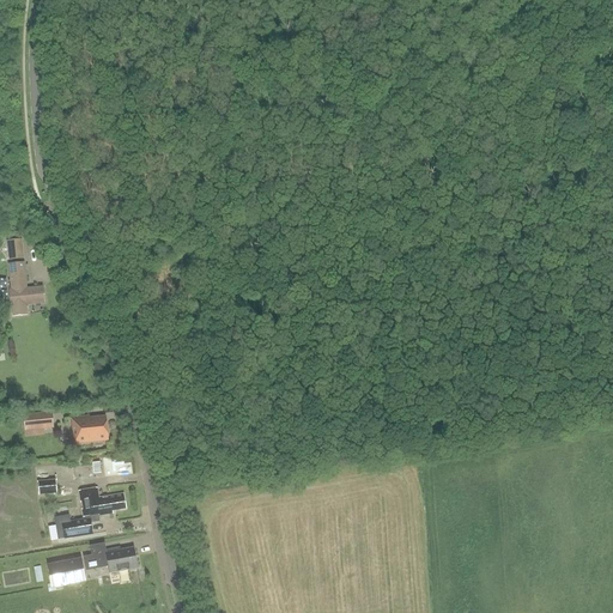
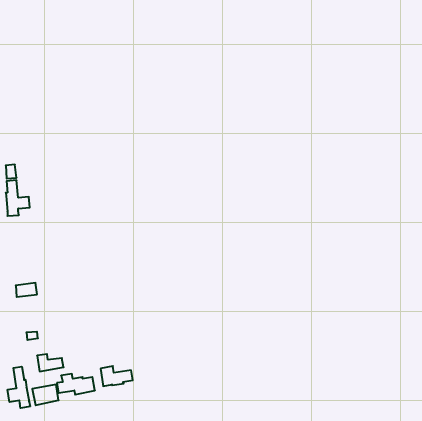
building: [72,414,108,441] -> none
building: [79,486,126,515] -> [101,366,133,386]
building: none -> [8,367,30,408]

